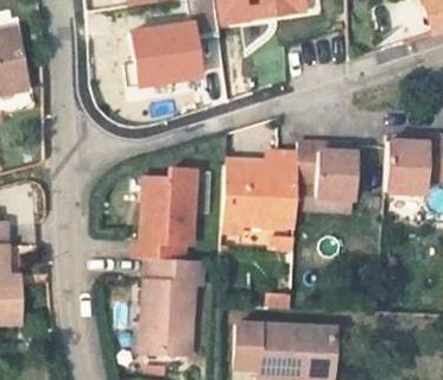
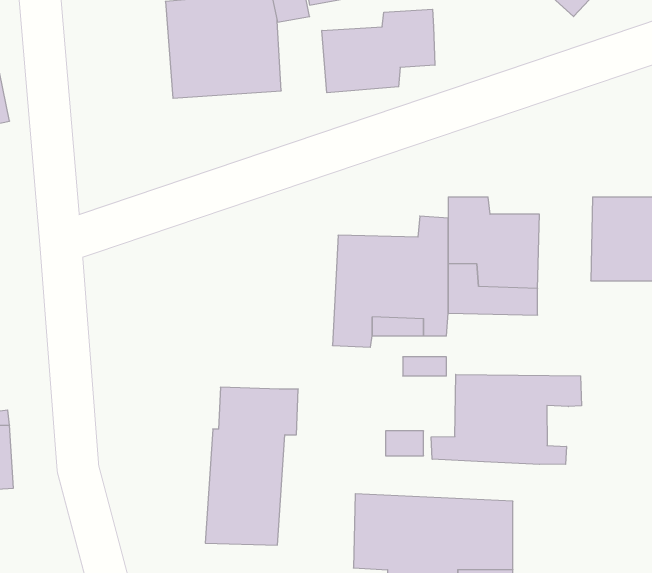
building: none -> [322,9,435,93]
building: [134,171,202,262] -> none
building: none -> [431,374,581,464]

